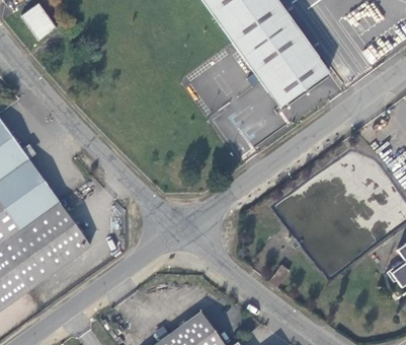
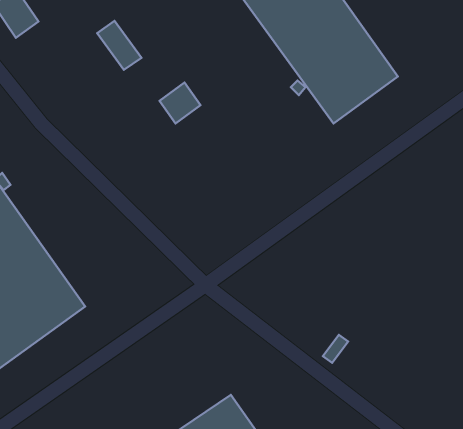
building: none -> [97,21,141,70]
building: none -> [160,83,200,123]

